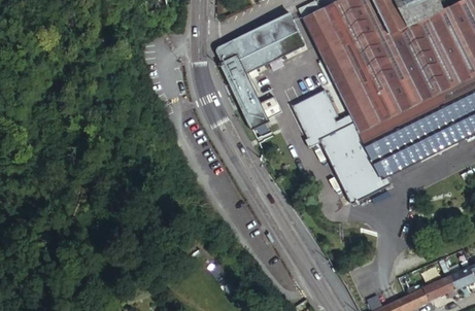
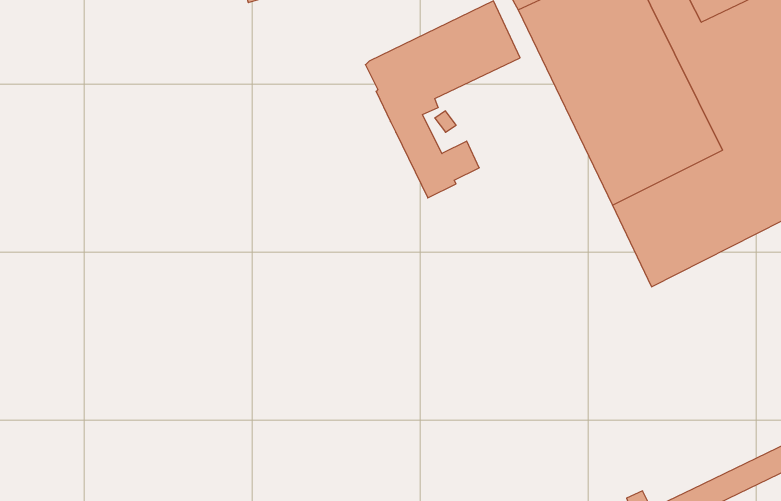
building: [292,89,392,203] -> none

